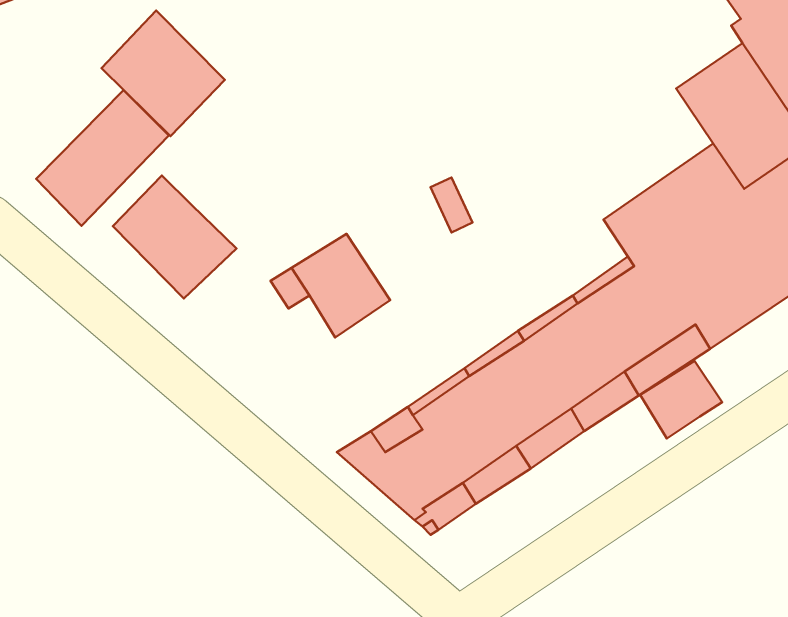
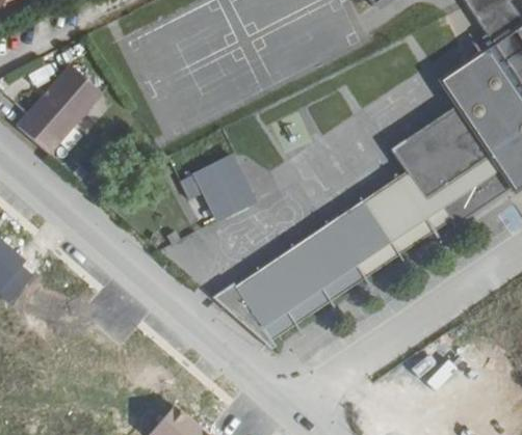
building: [101,10,225,136] -> none
building: [113,175,237,298] -> none
building: [640,361,722,438] -> none

